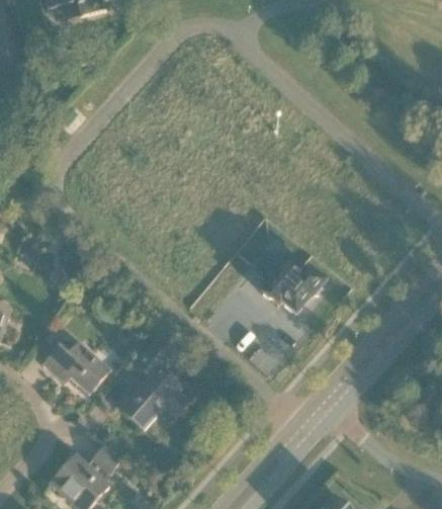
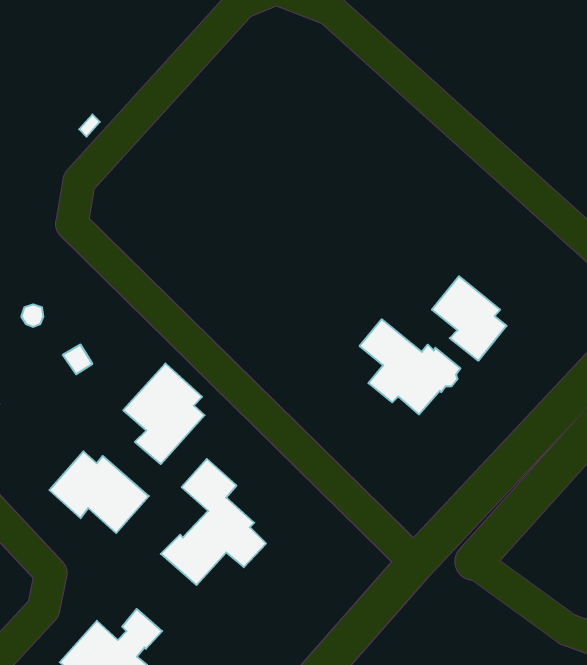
building: none -> [432,276,507,361]
building: none -> [123,363,205,464]

